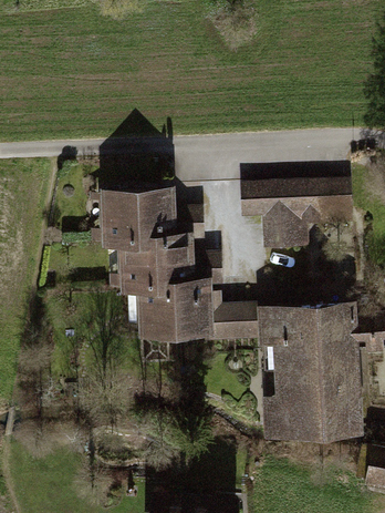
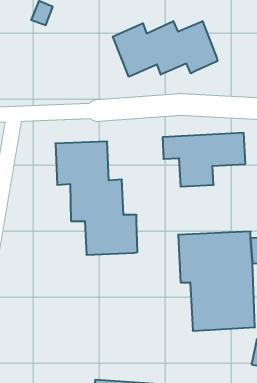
building: none -> [113,21,217,77]
building: [206,294,259,342] -> none

